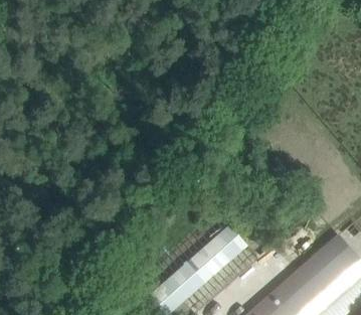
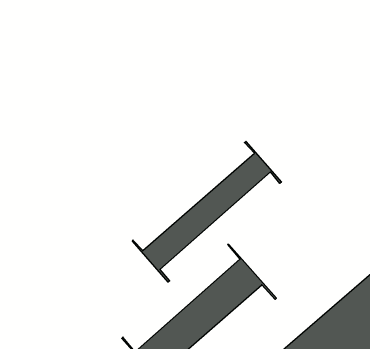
building: none -> [133,141,281,282]

